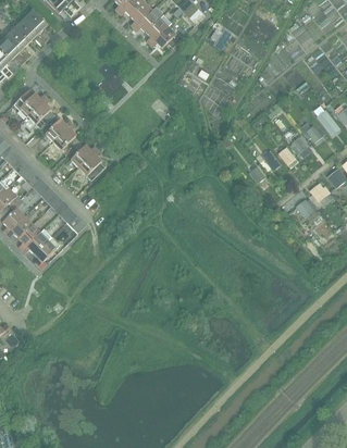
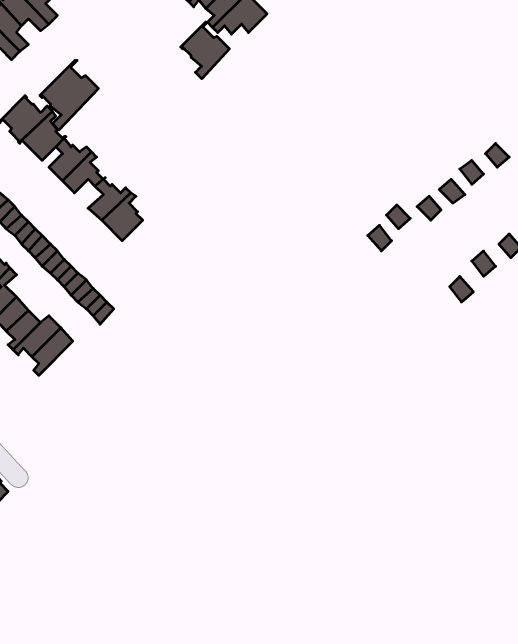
building: none -> [181,22,229,79]
building: none -> [40,60,98,130]

